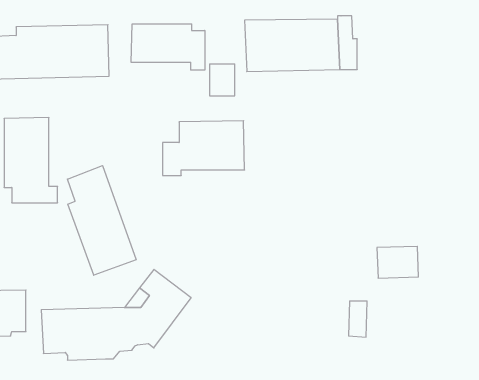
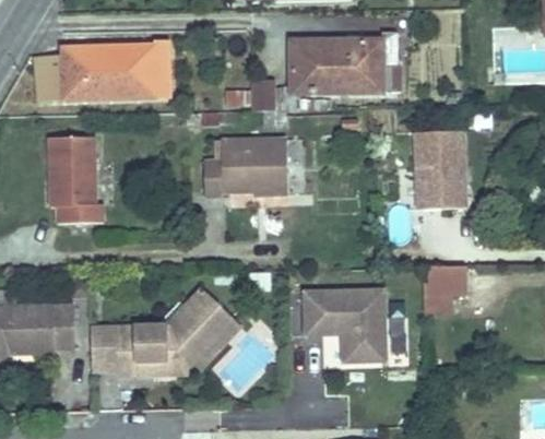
building: [131,24,205,70] -> none
building: none -> [417,131,466,209]
building: [67,166,136,275] -> none
building: none -> [304,290,383,364]

